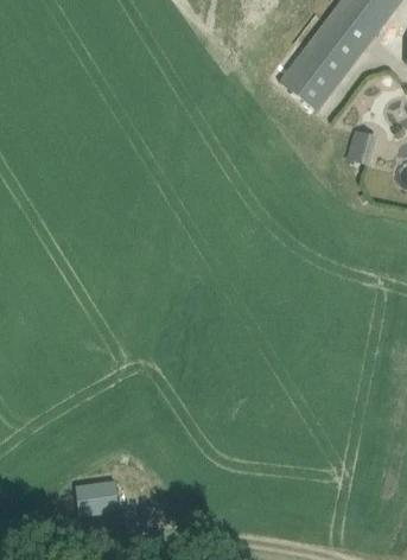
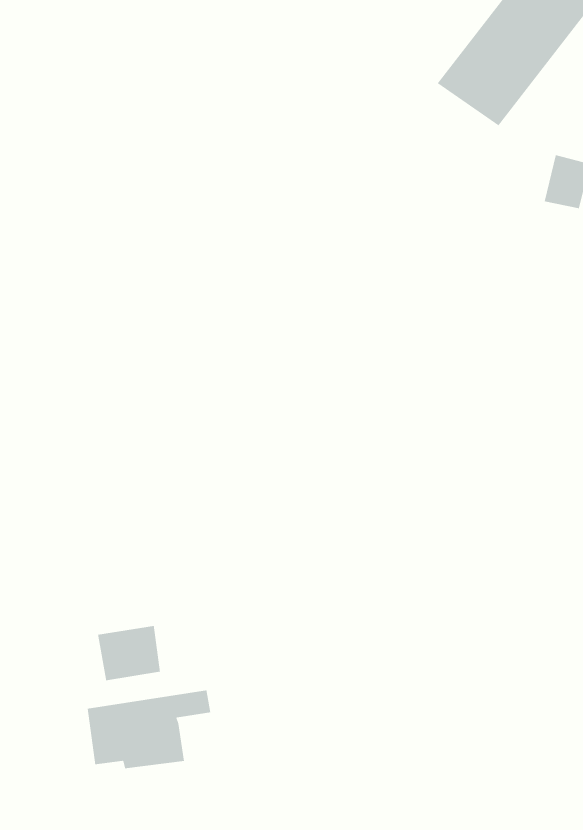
building: none -> [97,625,160,681]

